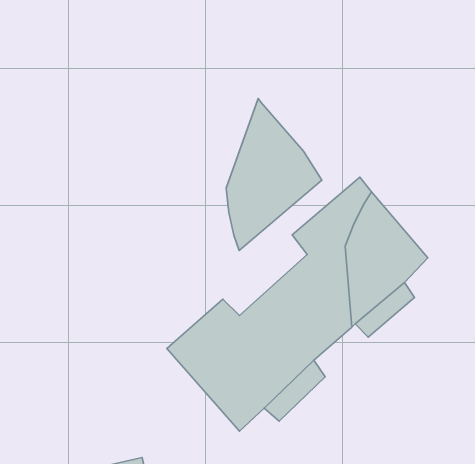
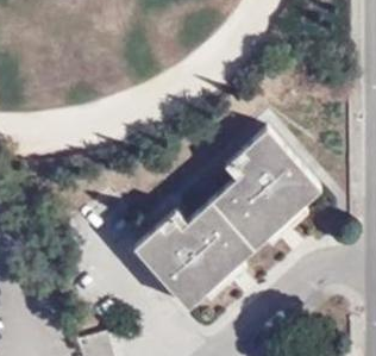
building: [226,98,322,250] -> none

